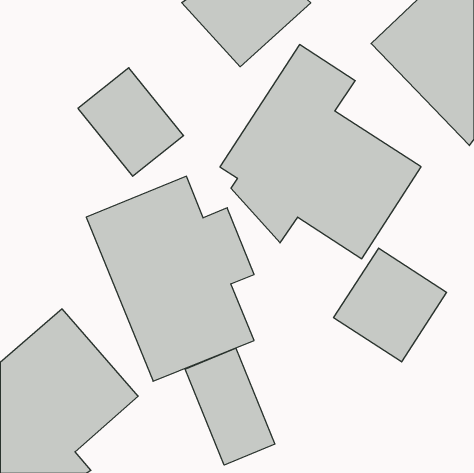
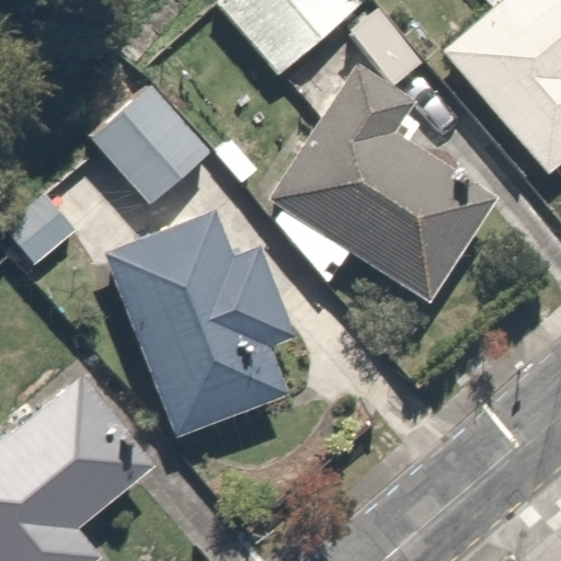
building: [334,248,447,362] -> none
building: [185,348,275,465] -> none

